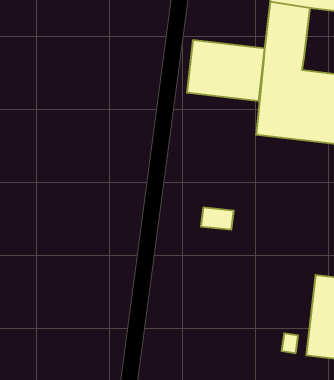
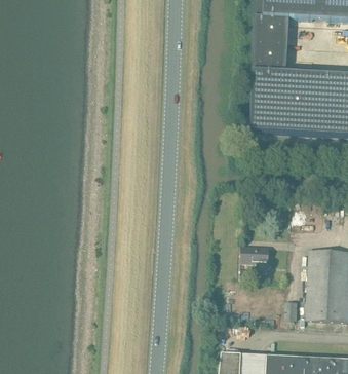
building: [187,40,265,101] -> none
building: [201,208,234,230] -> [241,246,269,263]

